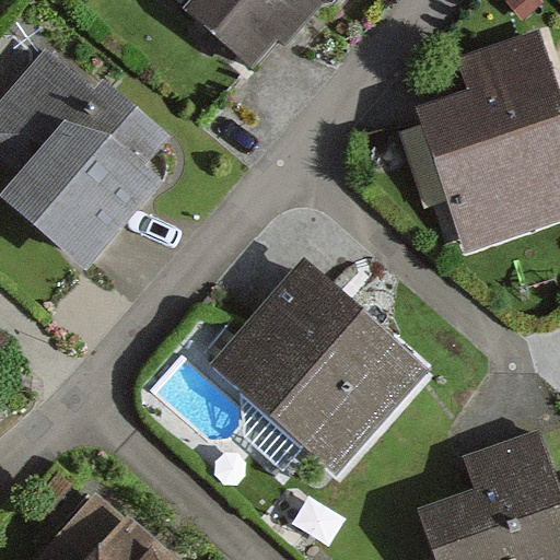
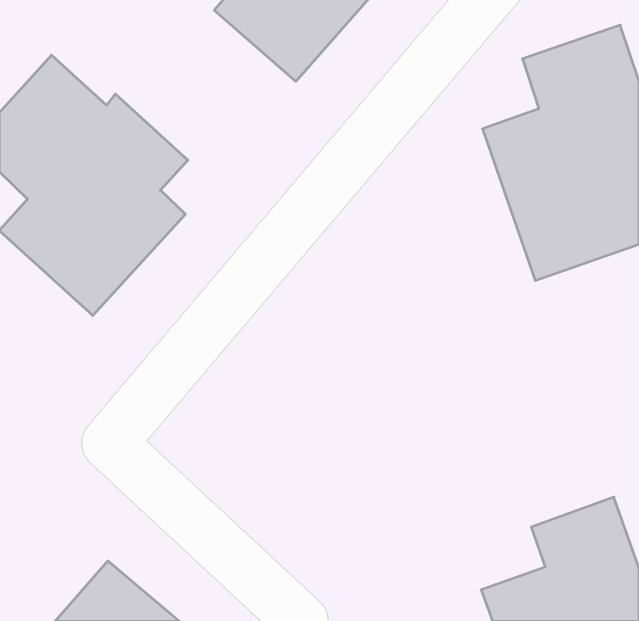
building: [212,261,429,476] -> none

